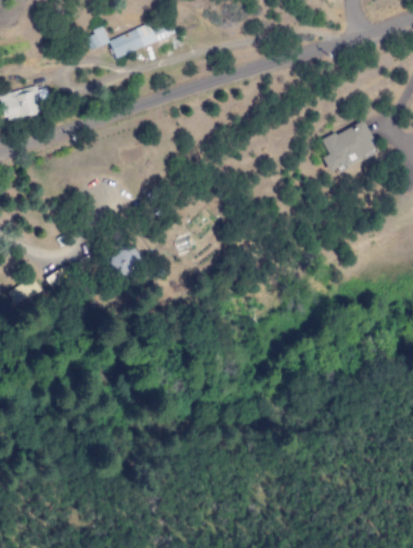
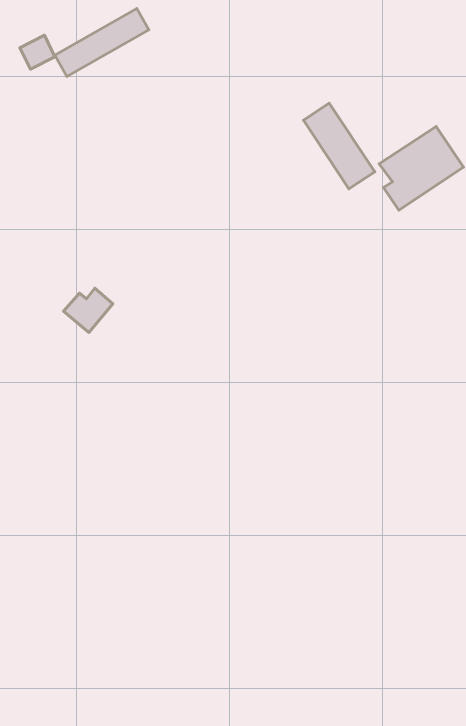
building: none -> [303,103,375,189]
building: [108,248,142,277] -> [64,288,113,332]

